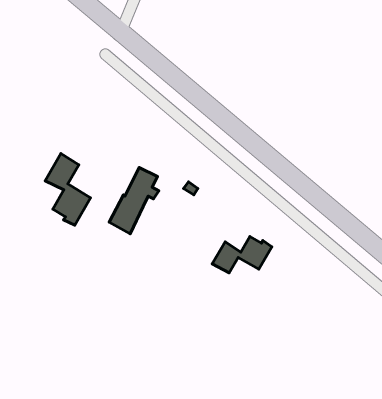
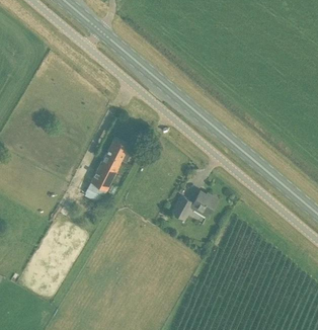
building: [45,153,91,225] -> none

